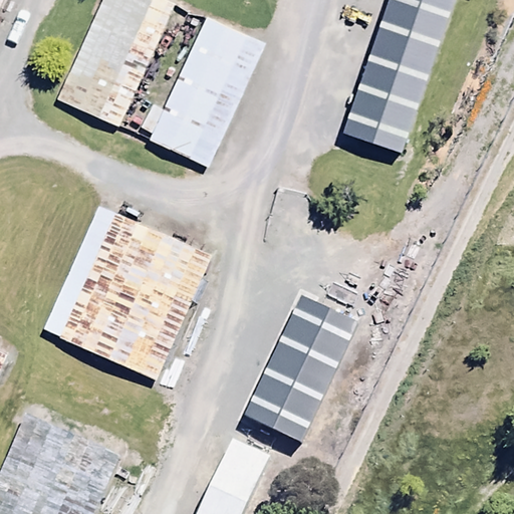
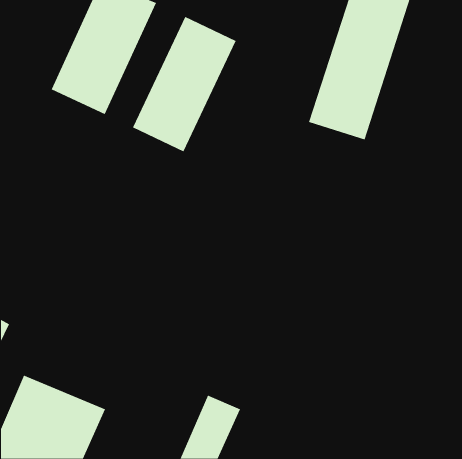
building: [43,207,211,380] -> none
building: [247,298,356,441] -> none

